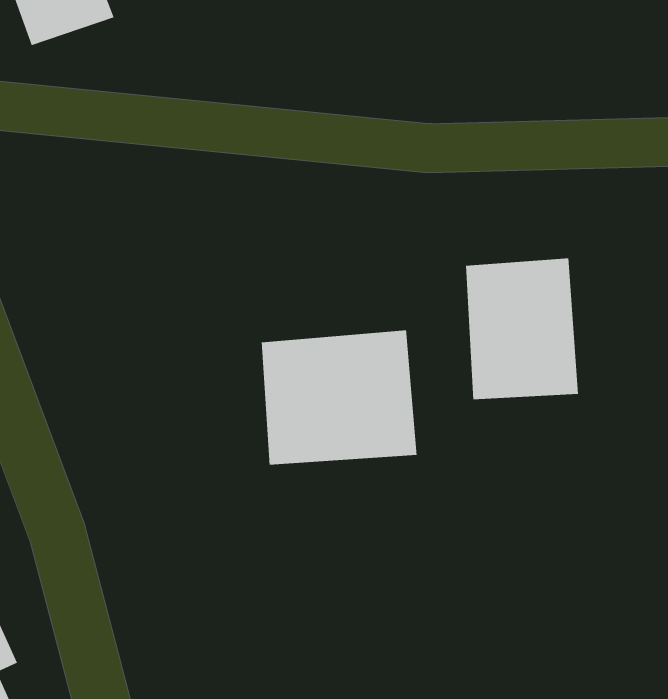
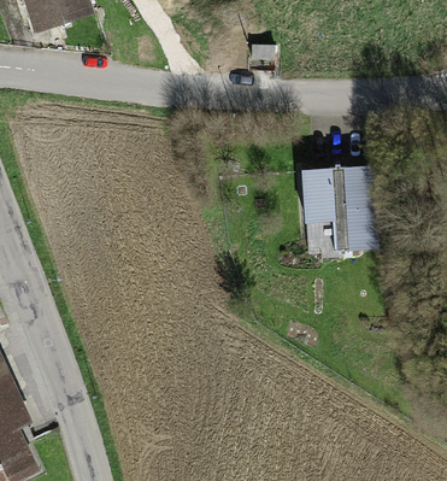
building: [261,329,417,466] -> none

